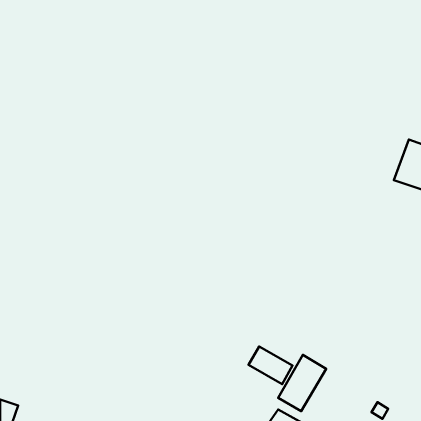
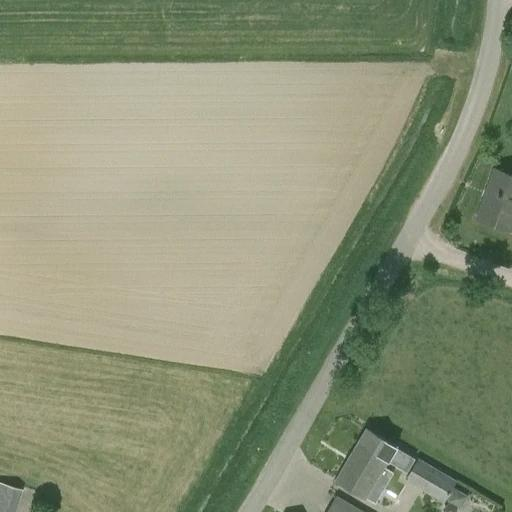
building: [248,346,293,384] -> none
building: none -> [405,460,456,504]

